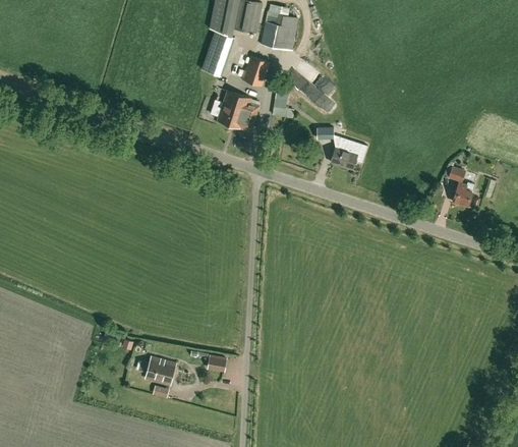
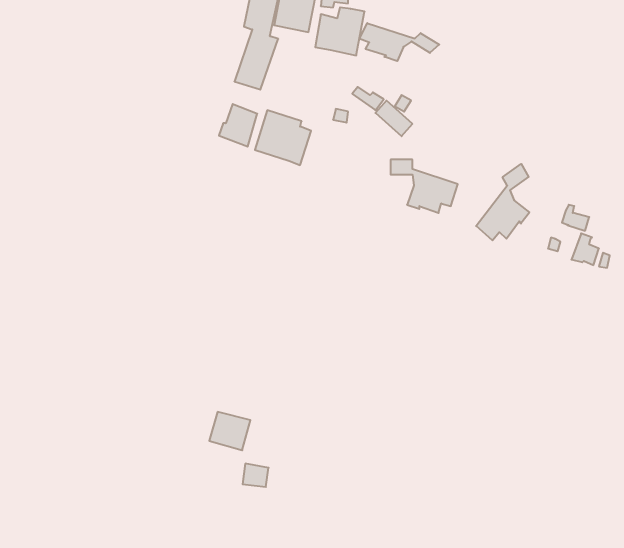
building: none -> [359,23,439,61]
building: [241,55,270,87] -> [219,104,257,147]
building: none -> [476,164,529,240]
building: [146,356,176,385] -> [209,412,250,450]

